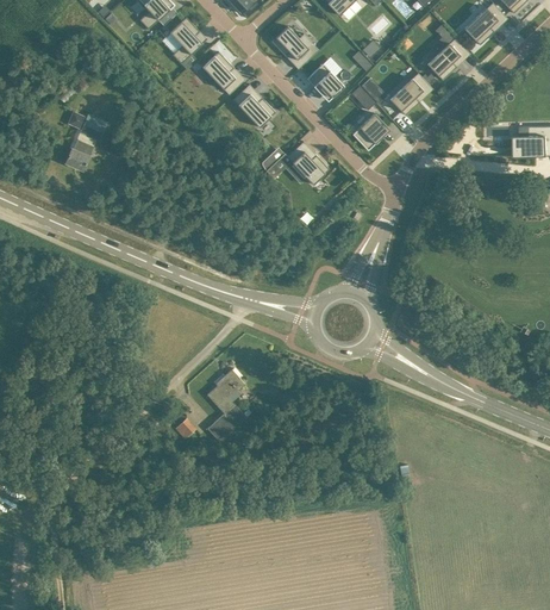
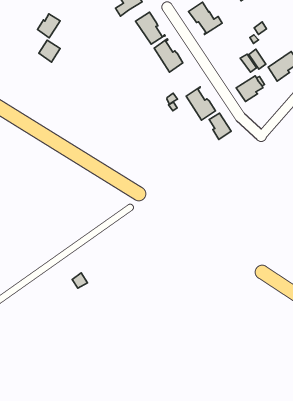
building: [306,63,343,101] -> none
building: [64,138,93,170] -> [37,14,60,38]
building: none -> [209,113,231,139]
building: [206,369,245,441] -> none

